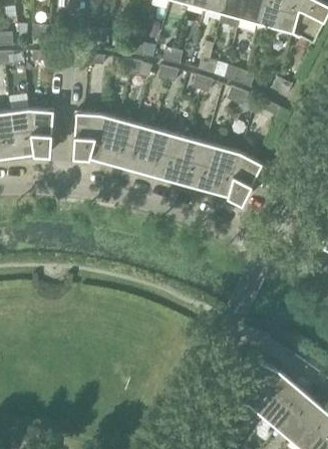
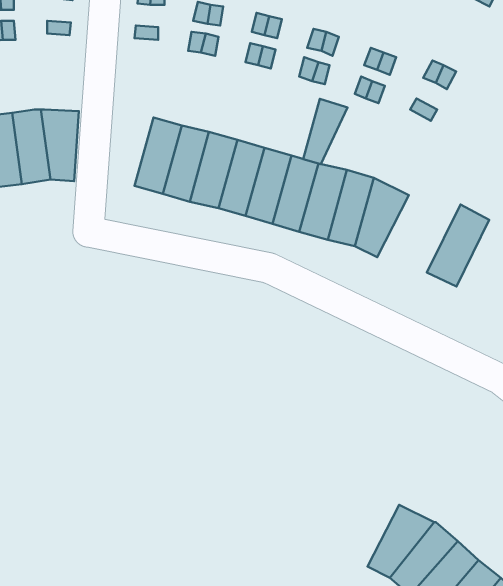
building: none -> [303,99,348,164]
building: [73,113,100,158] -> none
building: none -> [427,205,489,287]

